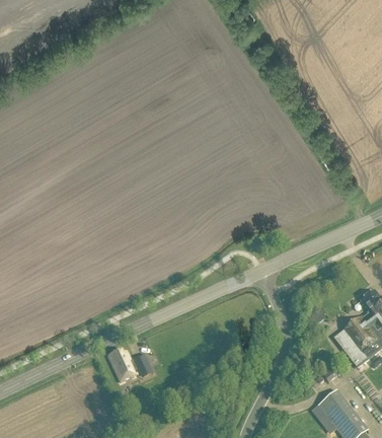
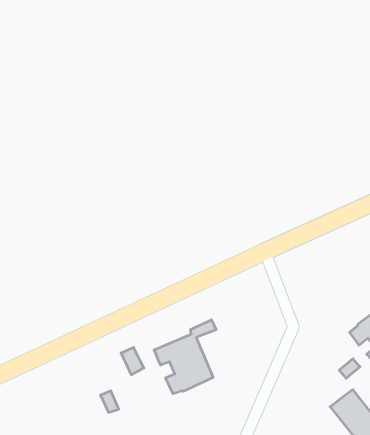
building: none -> [154,320,216,394]
building: [106,348,135,380] -> none

